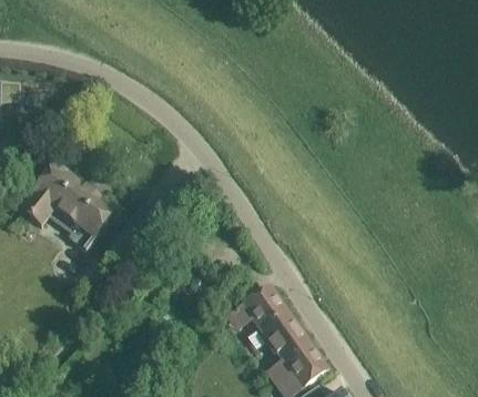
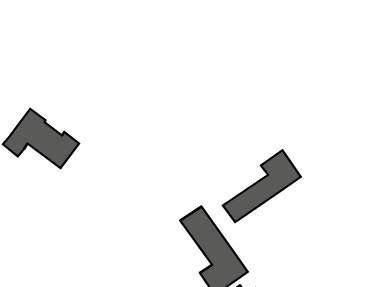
building: none -> [223,150,301,222]

